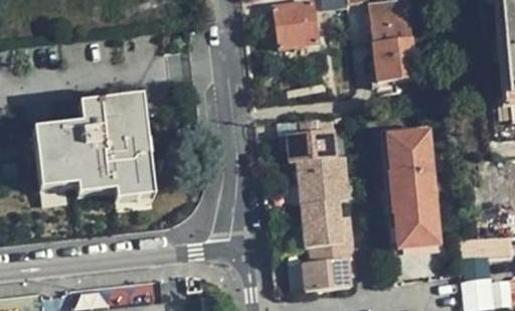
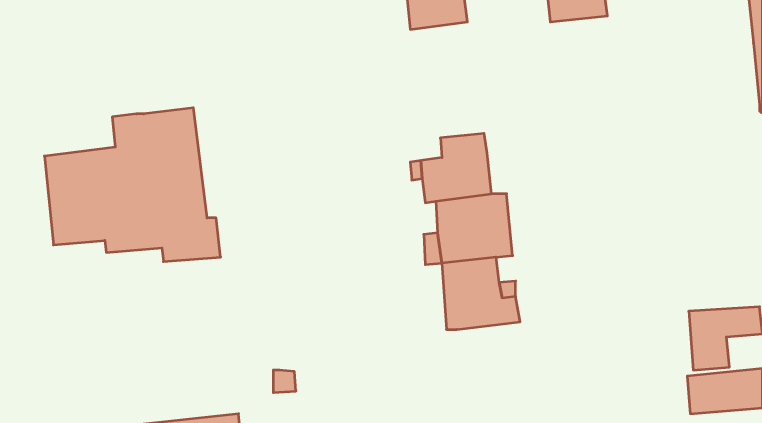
building: [372,38,413,80] -> none
building: [384,131,439,252] -> none
building: [301,243,353,292] -> none

